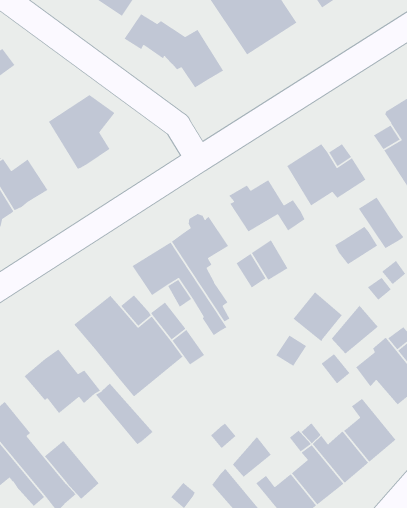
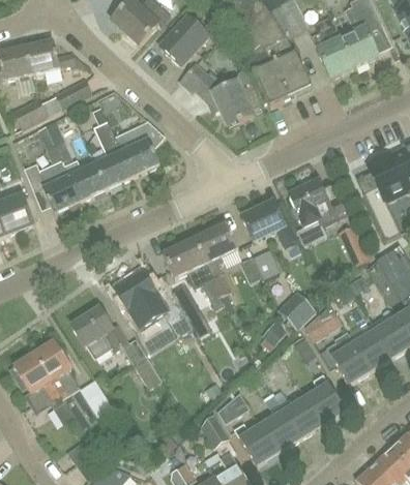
building: none -> [91,108,130,188]
building: [334,226,378,265] -> [295,218,328,246]

